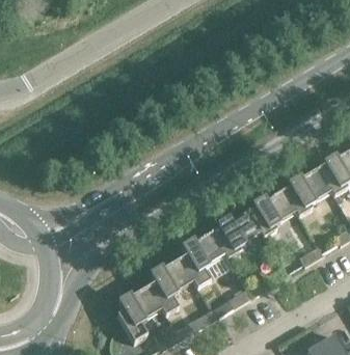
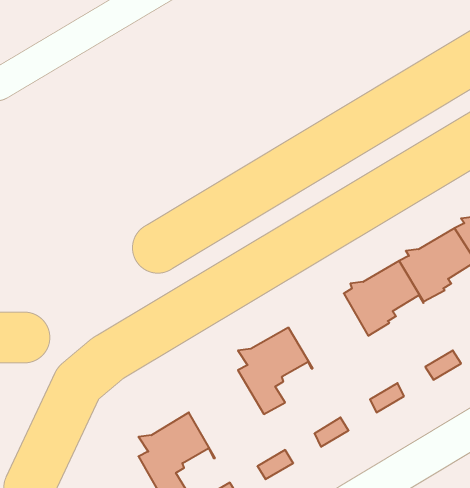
building: [213,209,264,256] -> none
building: [150,257,197,313] -> none

